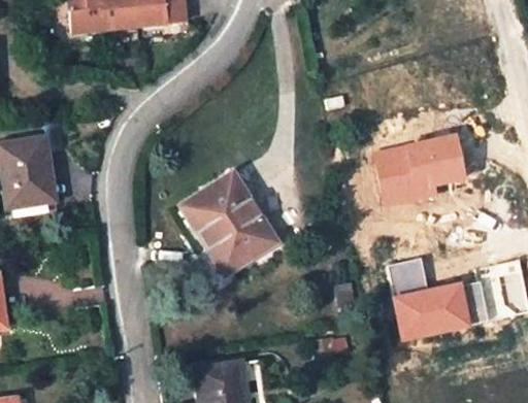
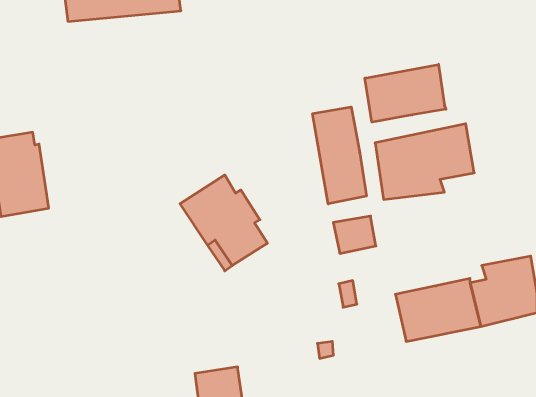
building: none -> [365,64,446,122]
building: none -> [313,107,366,204]
building: [389,259,430,295] -> [333,216,376,253]

